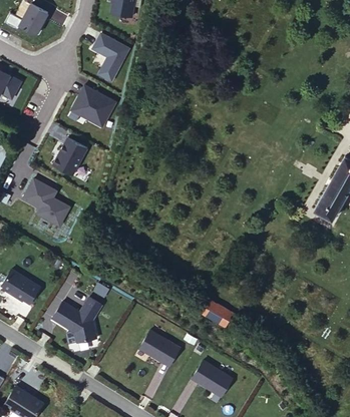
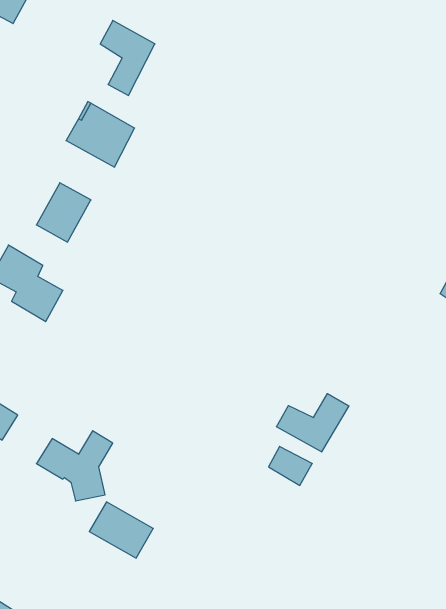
building: none -> [276,394,349,452]
building: [140,328,182,364] -> [89,502,153,558]
building: [193,357,234,395] -> none

